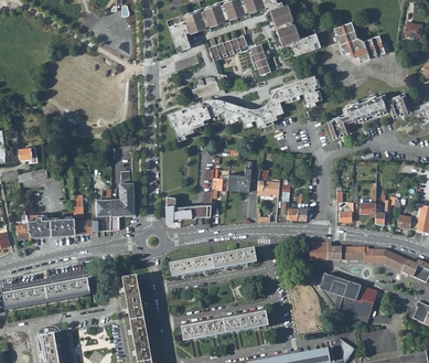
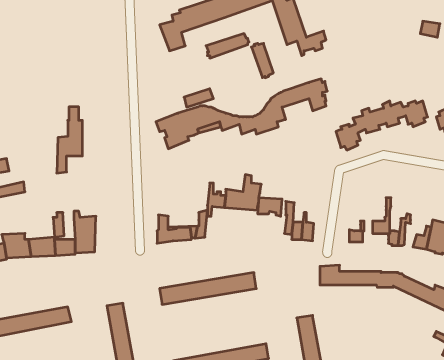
building: [335,21,386,62] -> none
building: [110,171,133,231] -> [57,107,82,173]
building: [320,275,382,319] -> none

